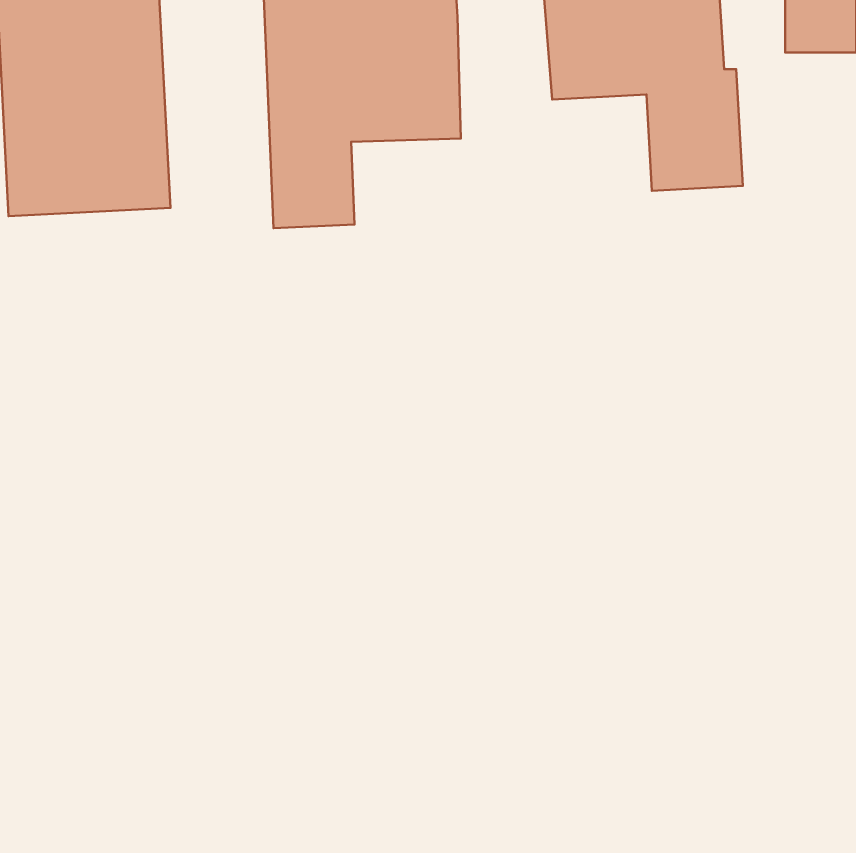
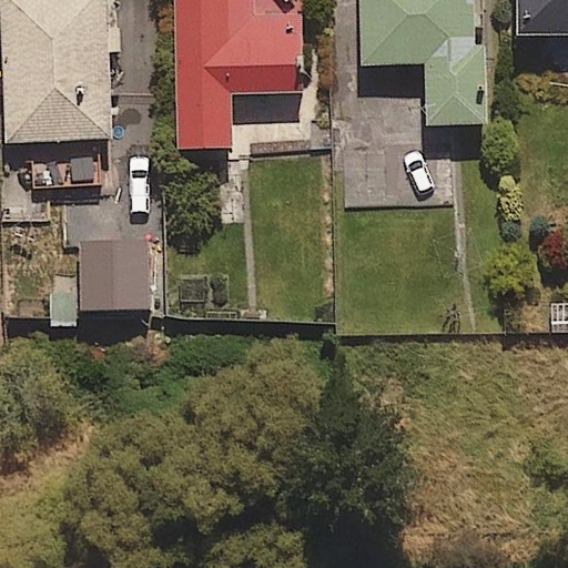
building: none -> [82,241,148,308]

